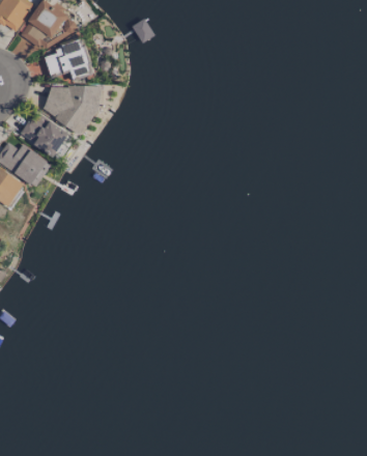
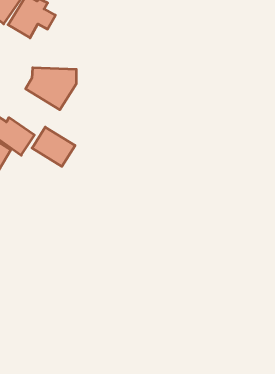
building: [44,38,92,80] -> none
building: [19,111,69,158] -> [32,127,75,166]

